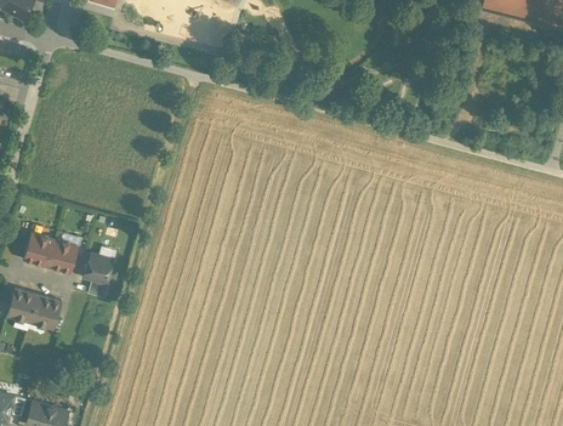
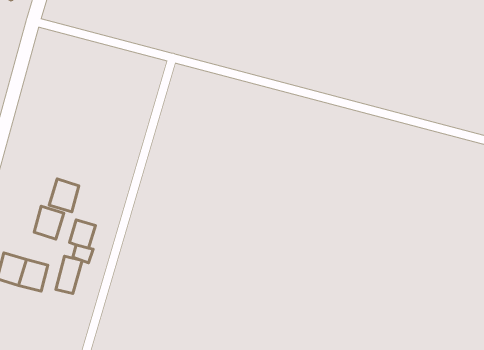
building: [22,231,53,266] -> [49,179,79,212]
building: none -> [56,256,82,294]

